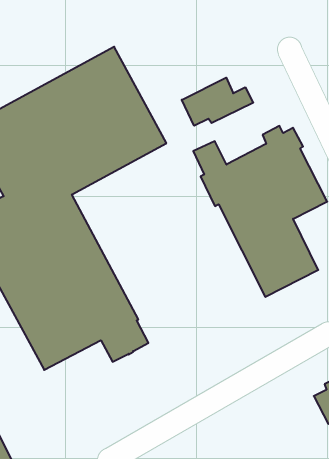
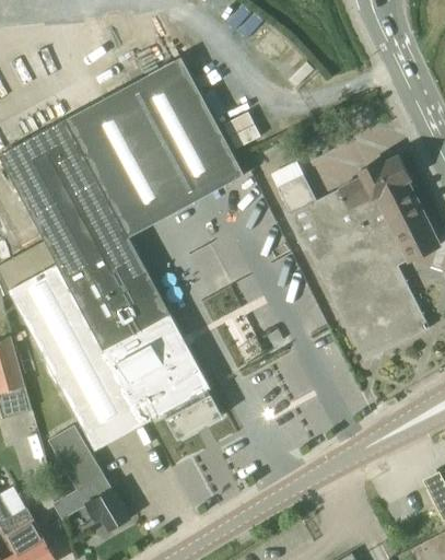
building: [182,78,253,126] -> none
building: none -> [47,424,130,532]

